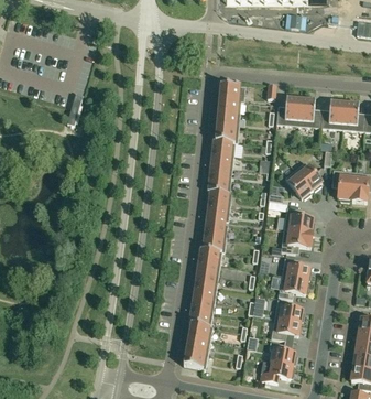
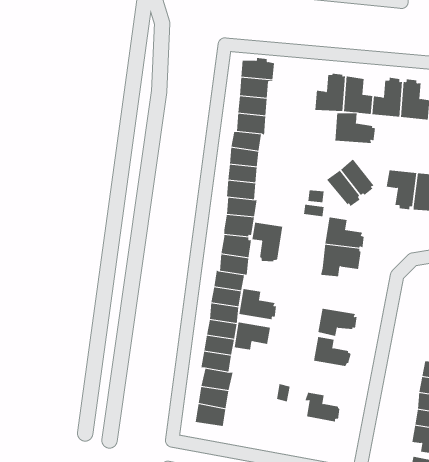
building: none -> [335,113,375,144]
building: none -> [252,222,283,262]
building: [282,256,312,280] -> [238,289,277,320]
building: [272,316,301,338] -> [234,322,271,350]
building: [261,359,294,381] -> none

